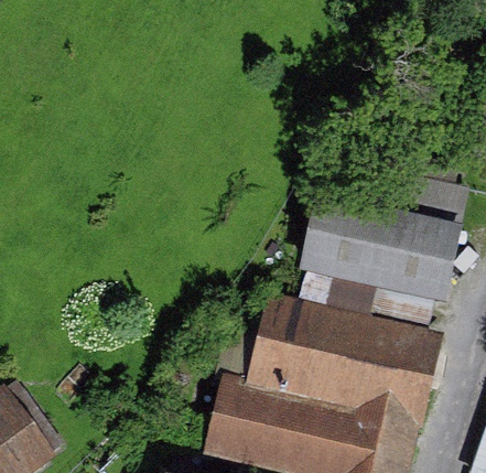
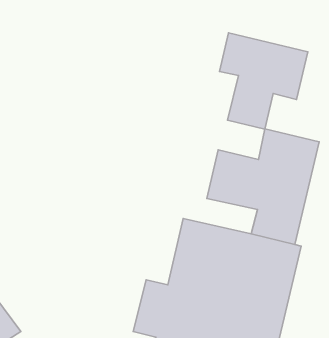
building: none -> [220,33,308,129]

